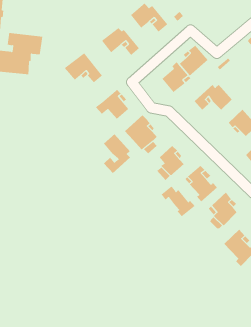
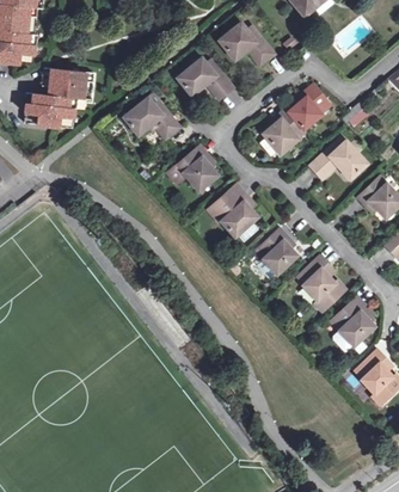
building: [103,134,131,174] -> none
building: [161,185,195,217] -> none

